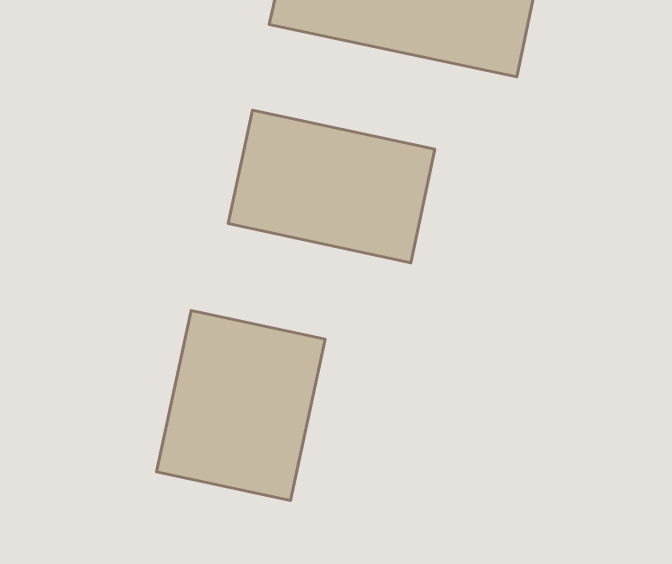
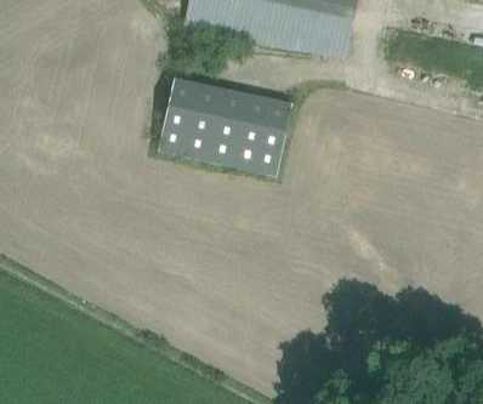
building: [157,311,325,501] -> none

